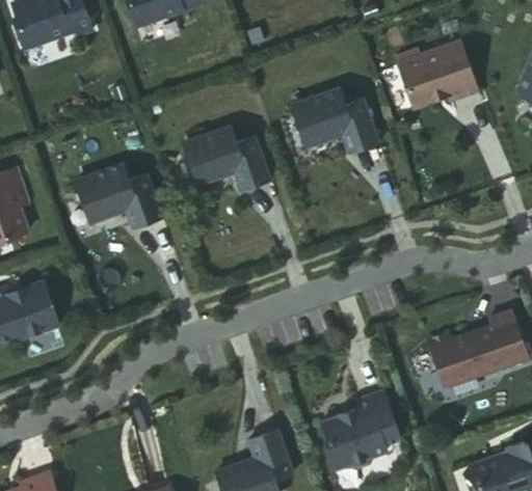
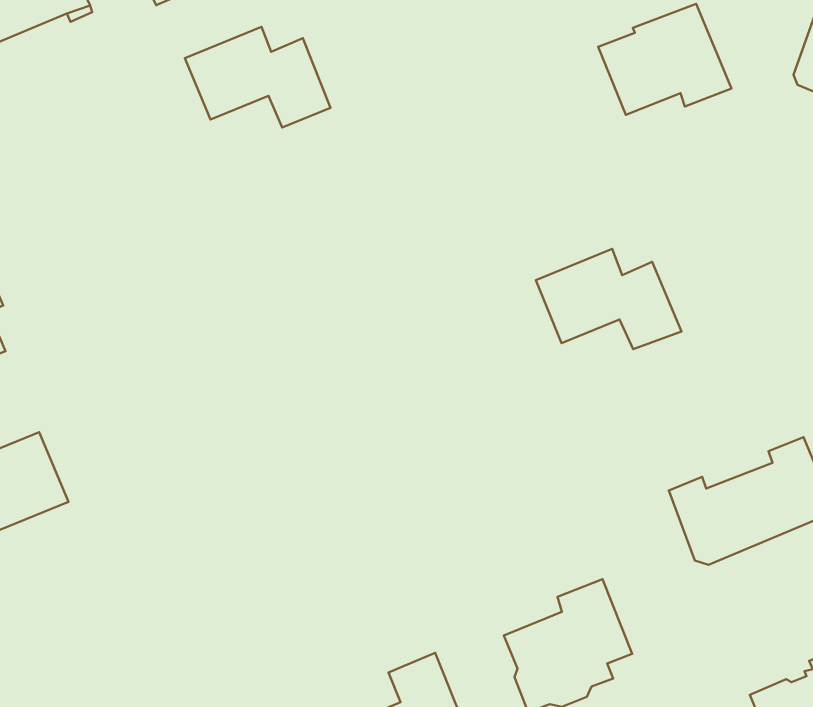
building: [294,97,381,159] -> [536,249,681,349]
building: [186,135,273,197] -> [185,27,330,127]
building: [78,172,165,235] -> none

